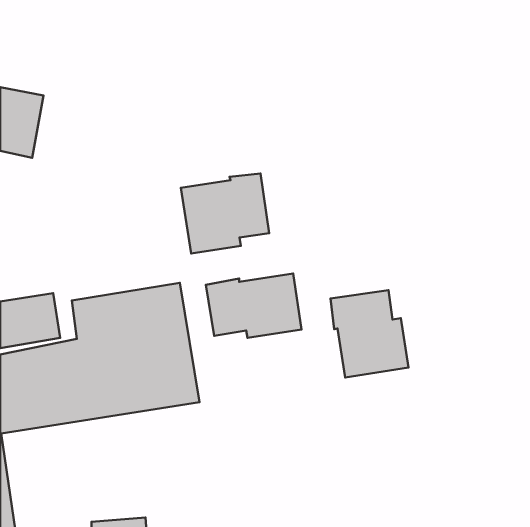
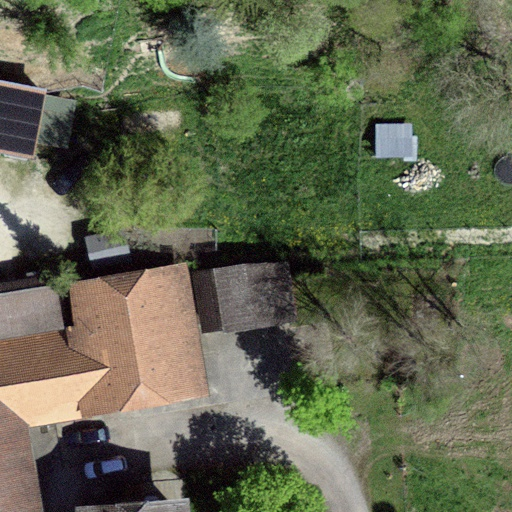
building: [181,173,269,254] -> none
building: [331,290,408,378] -> none

